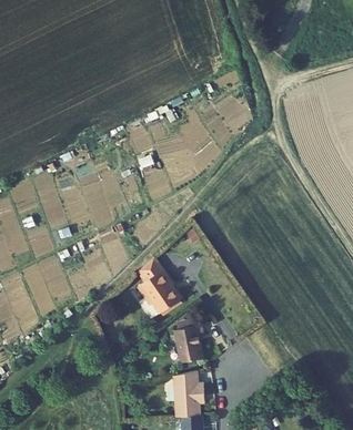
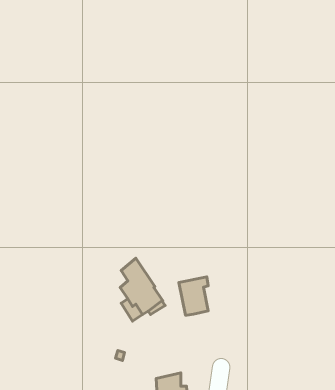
building: [173,325,202,362] -> [179,277,208,315]

